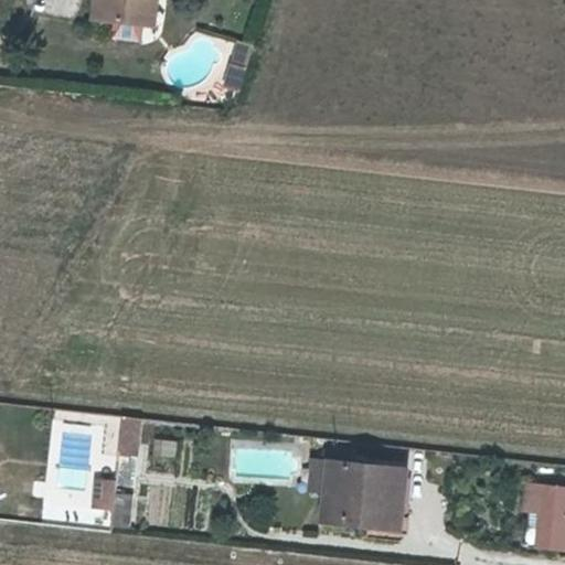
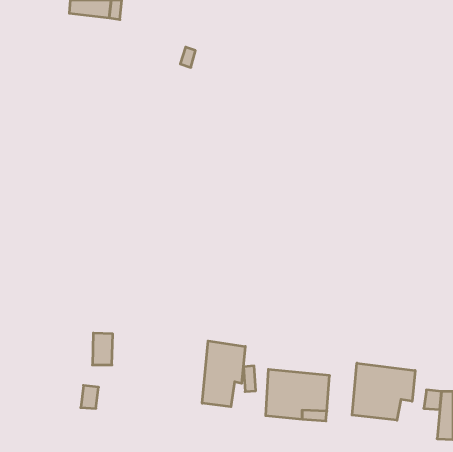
building: none -> [202,341,245,407]
building: none -> [352,363,415,420]

